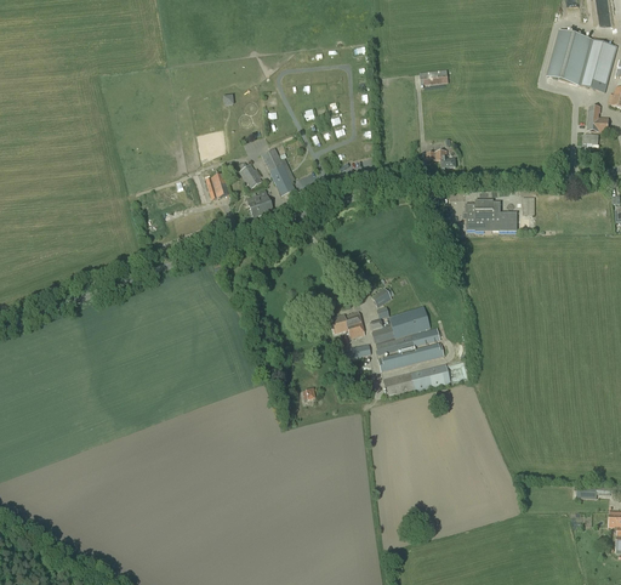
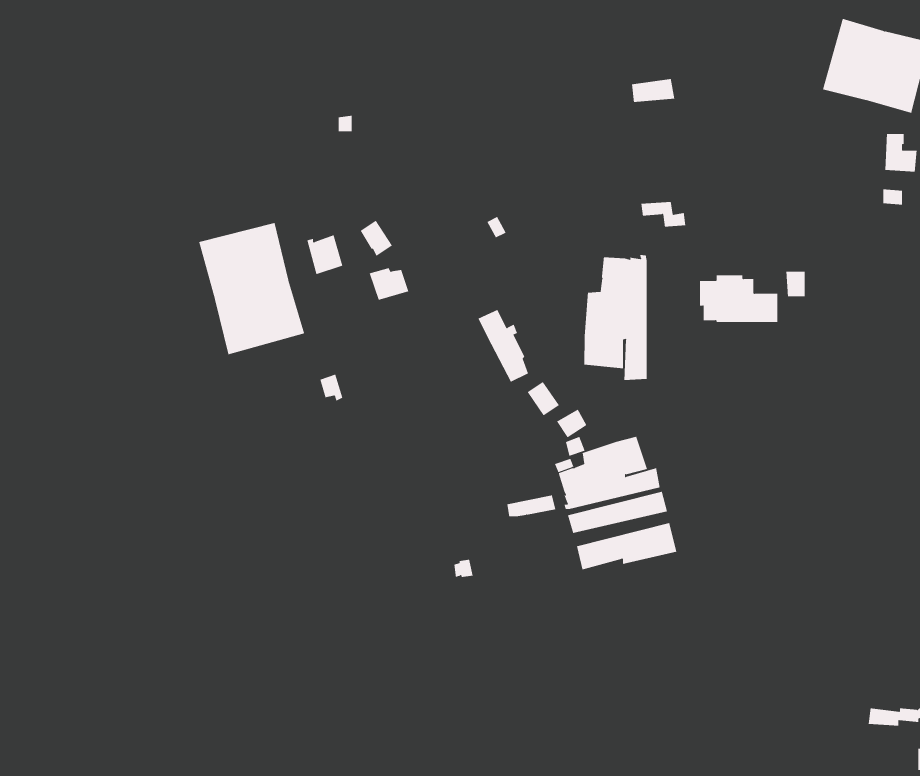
building: [261,148,295,197] -> [478,309,529,383]
building: none -> [198,222,305,355]
building: none -> [584,254,647,381]
building: [329,311,364,339] -> none

